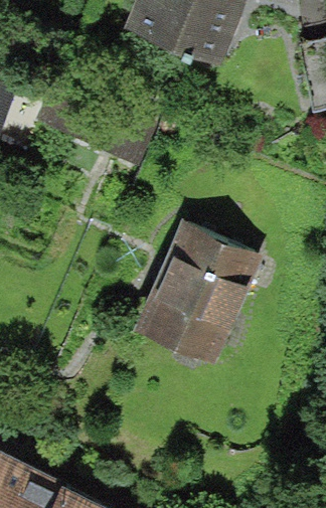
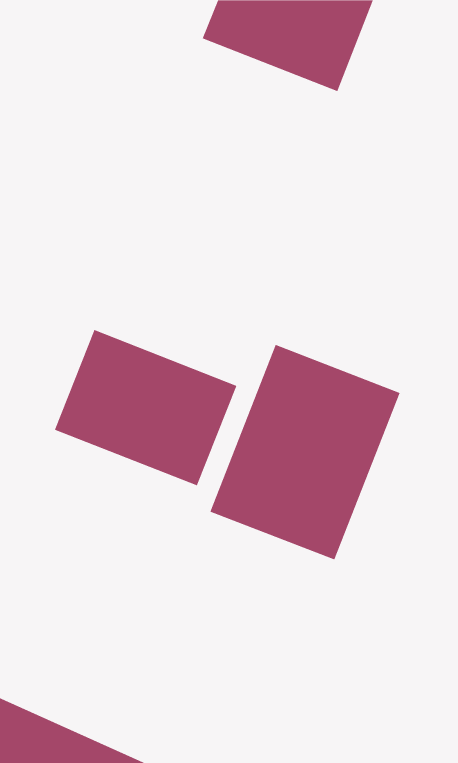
building: none -> [54,329,237,486]

